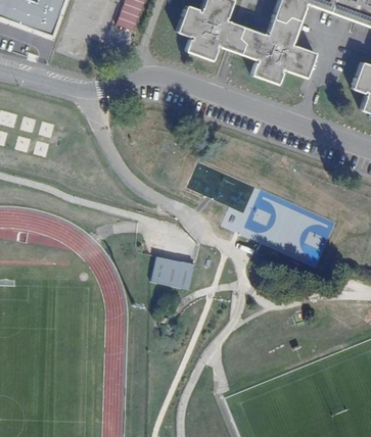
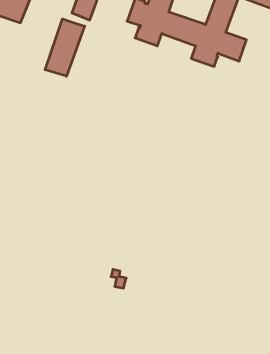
building: none -> [45,19,85,76]
building: [154,257,197,290] -> none

